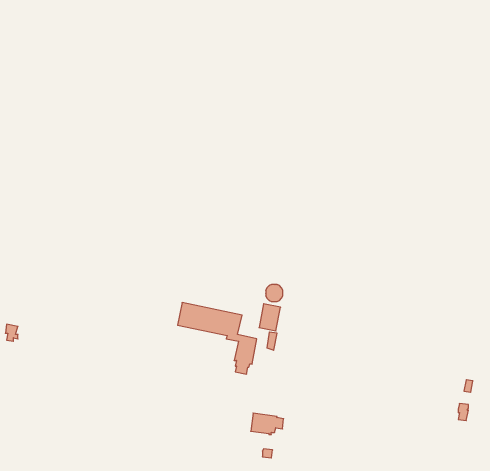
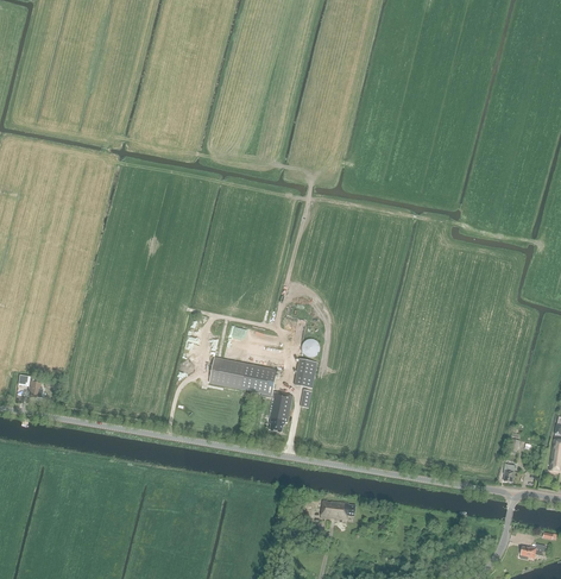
building: [251,413,284,435] -> [321,498,355,521]

